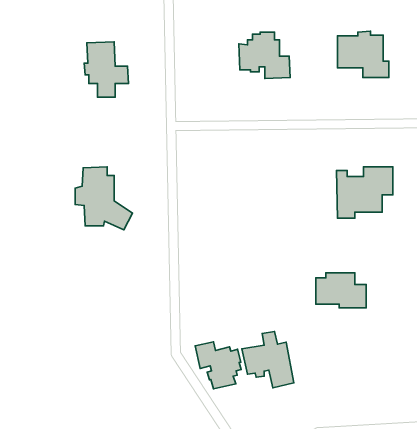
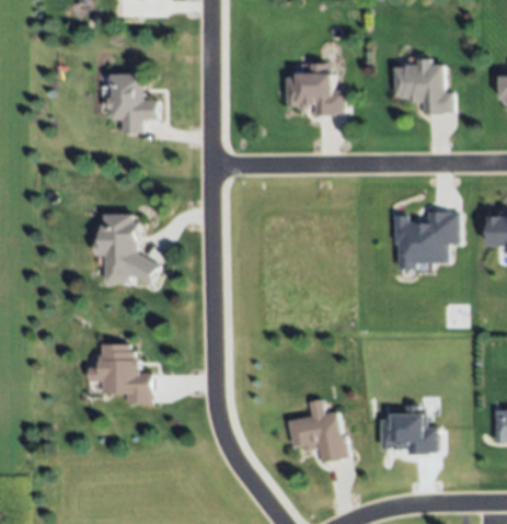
building: [316,273,366,308] -> [380,415,437,455]
building: none -> [89,343,154,402]
building: [195,342,241,389] -> none

